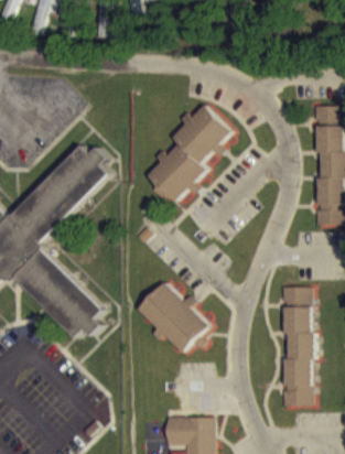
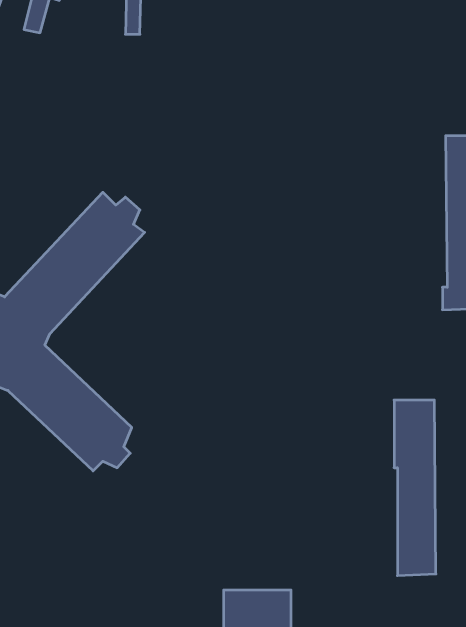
building: [149,105,233,202] -> none
building: [137,281,209,353] -> none

